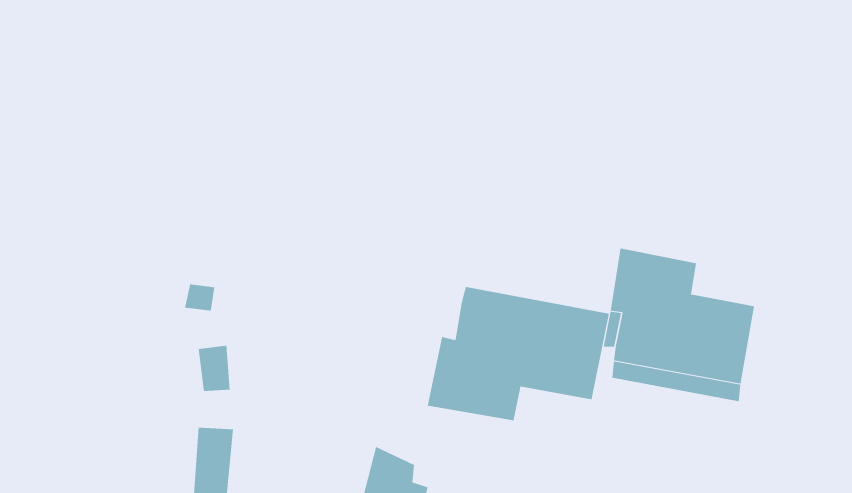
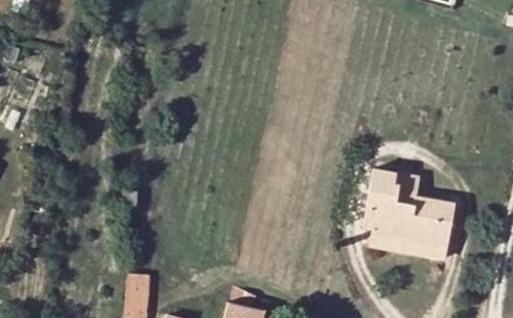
building: [427,286,609,421] -> none

